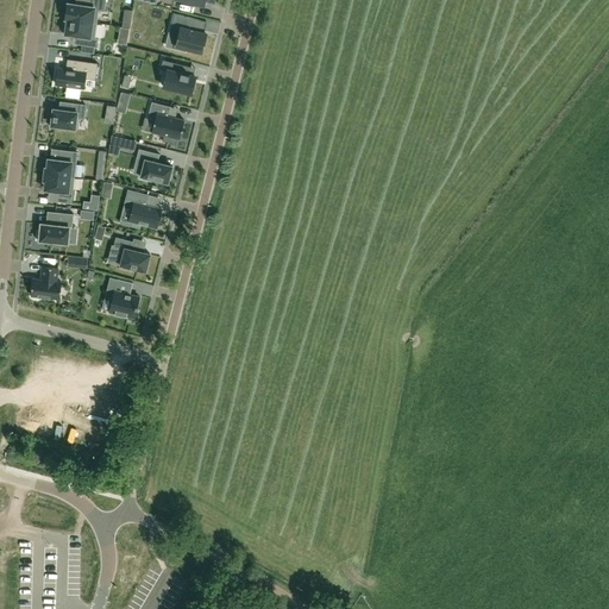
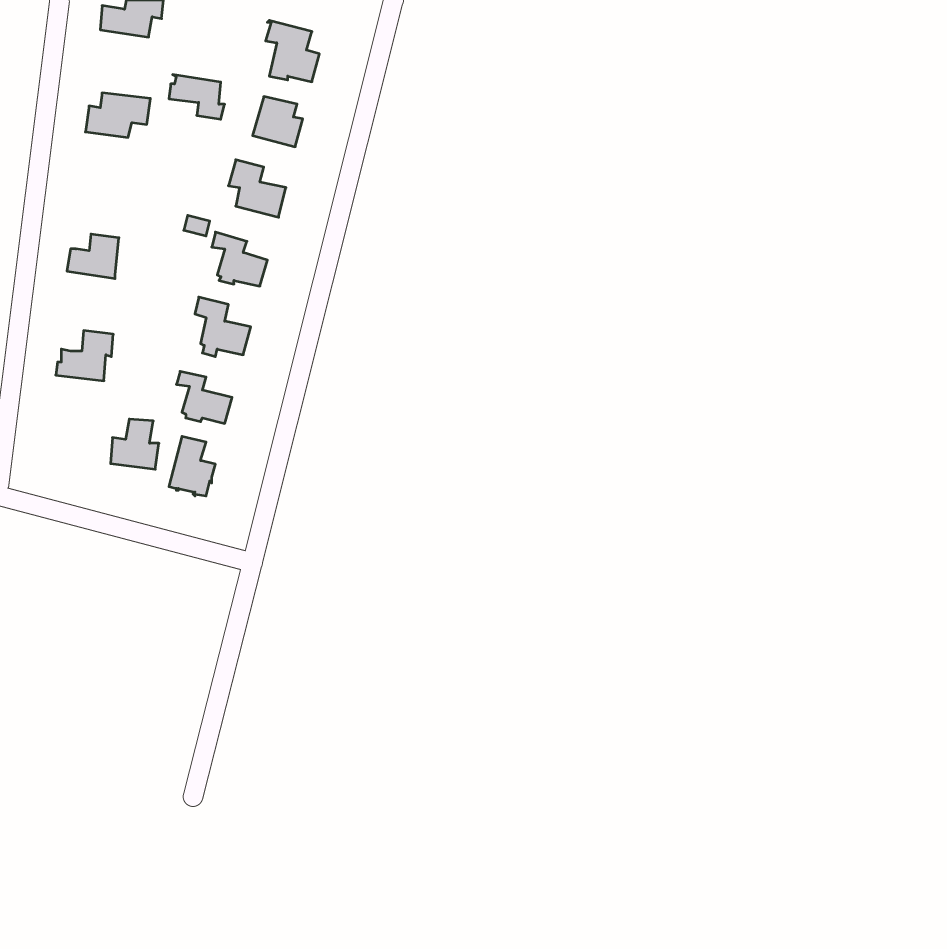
building: [62,19,98,48] -> [169,75,225,119]
building: [49,103,84,130] -> none
building: [43,174,74,203] -> none
building: [30,266,61,299] -> [111,419,159,469]

